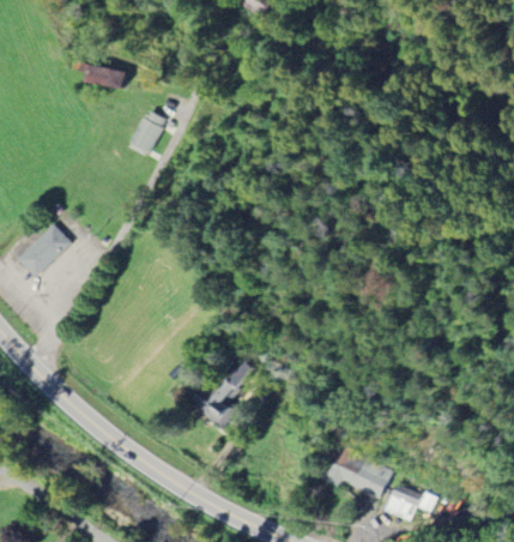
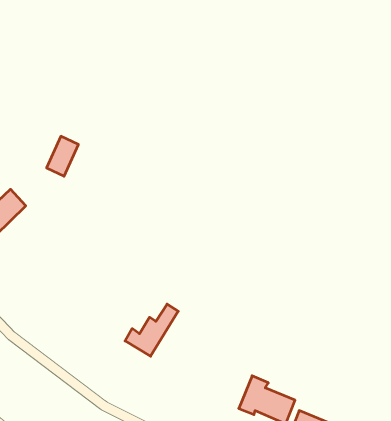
building: [80,64,122,89] -> none
building: [126,108,163,155] -> [47,136,78,176]

